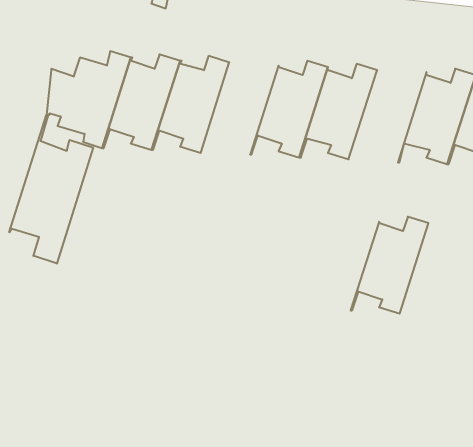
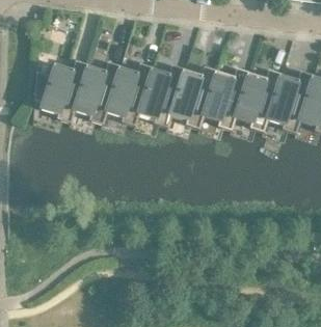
building: none -> [134,63,185,126]
building: [9,115,93,264] -> none
building: [351,217,428,314] -> [231,67,282,131]

